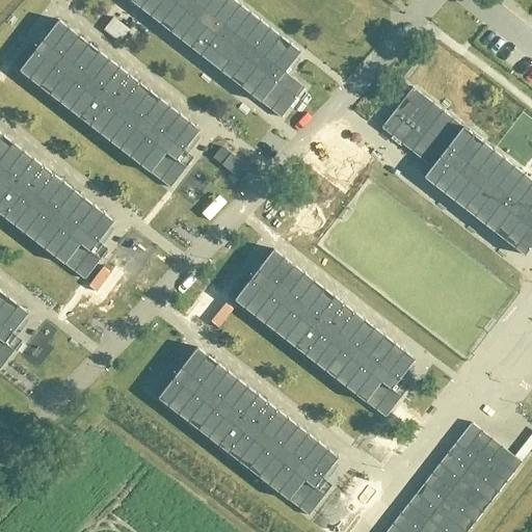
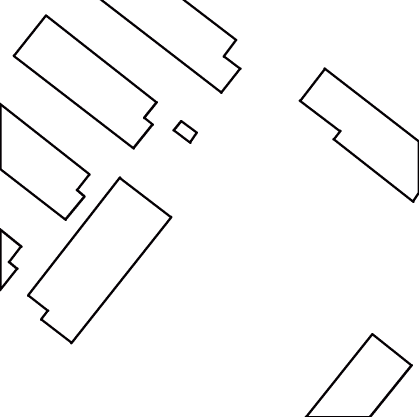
building: none -> [28,178,171,343]
building: [233,248,414,418] -> none
building: [157,347,337,514] -> none

